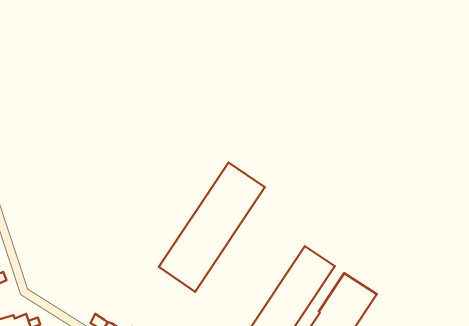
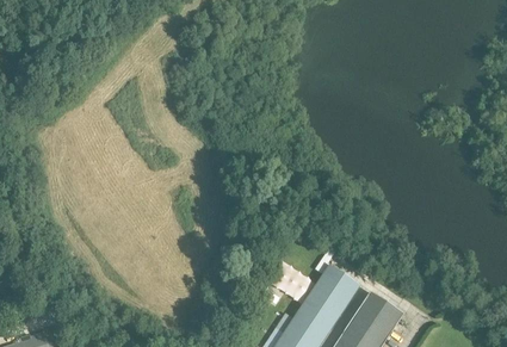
building: [159,162,265,292] -> none

